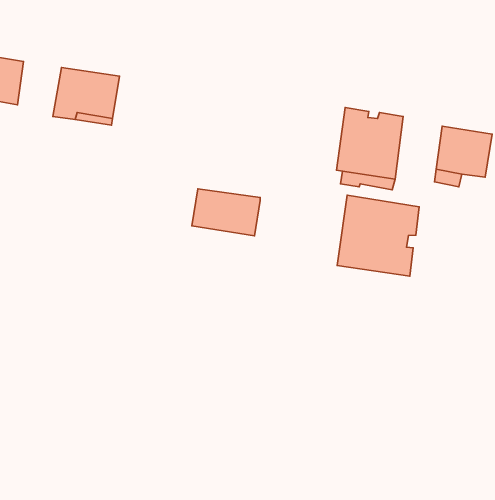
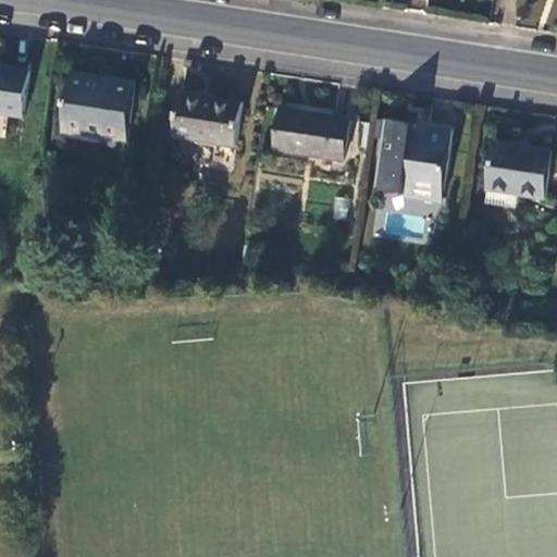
building: none -> [170,94,238,144]
building: [192,189,260,236] -> [270,108,346,160]
building: [337,195,419,276] -> none

